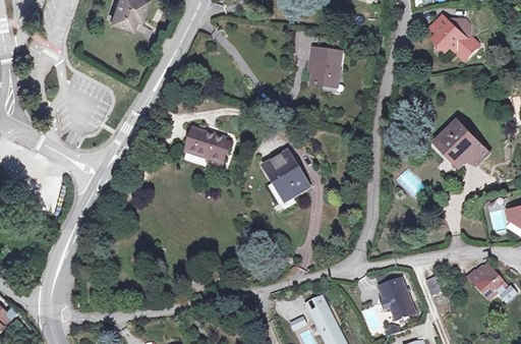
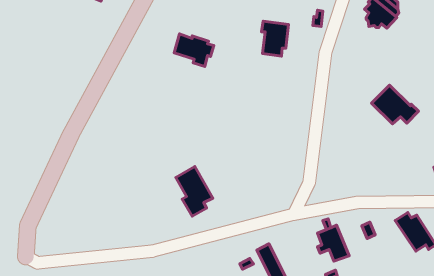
building: [187,128,232,165] -> [174,34,214,66]
building: [267,153,308,209] -> [176,167,213,216]

